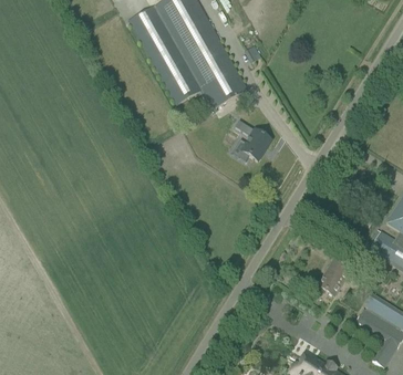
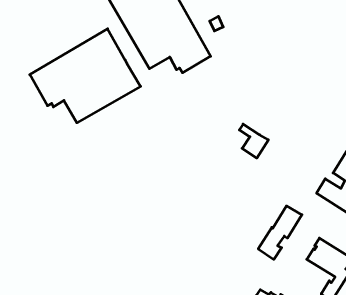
building: none -> [30,29,141,123]
building: [238,121,271,159] -> [239,124,268,158]

